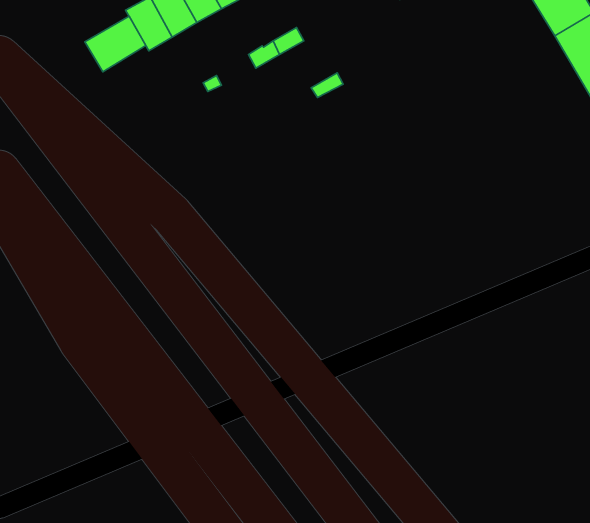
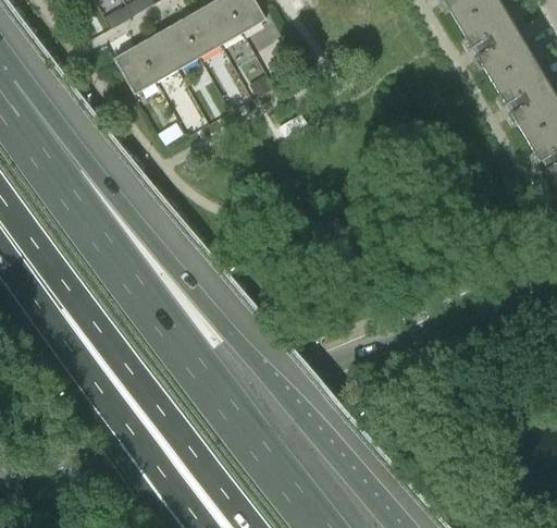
building: [85,16,146,72] -> none

